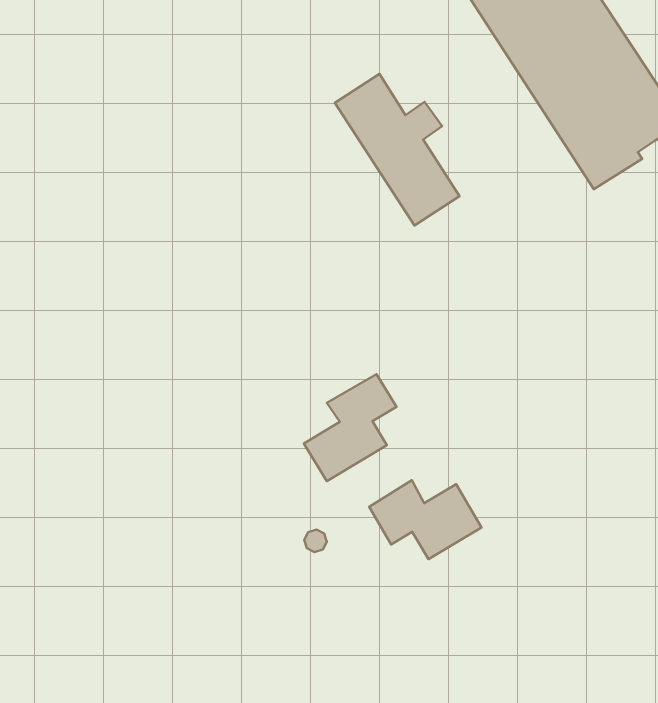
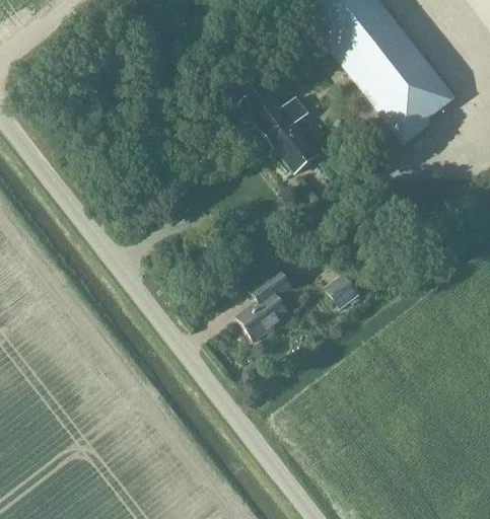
building: none -> [325,273,359,307]
building: [369,480,482,559] -> none

